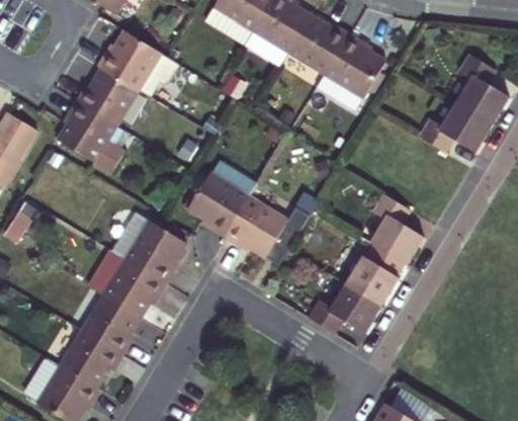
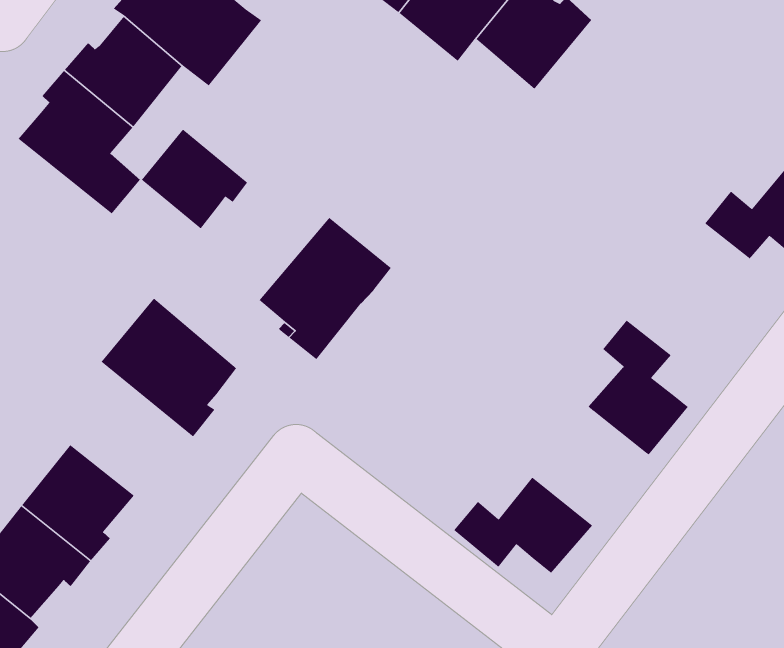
building: [319,38,385,111] -> none
building: none -> [141,129,248,230]
building: [226,195,304,264] -> none
building: [347,246,406,307] -> none
building: [87,250,165,319] -> none

